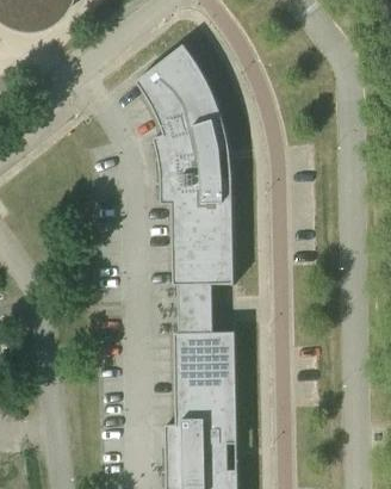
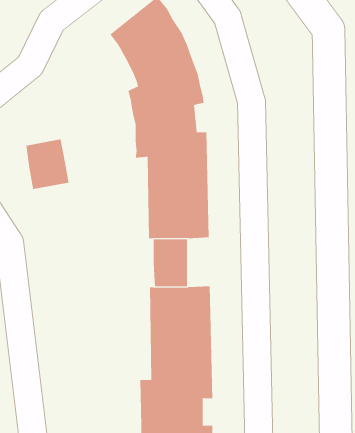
building: none -> [26,138,69,190]

